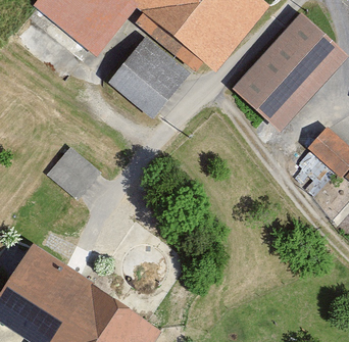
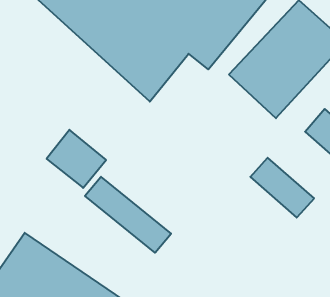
building: none -> [250,158,314,218]
building: none -> [85,177,171,253]

